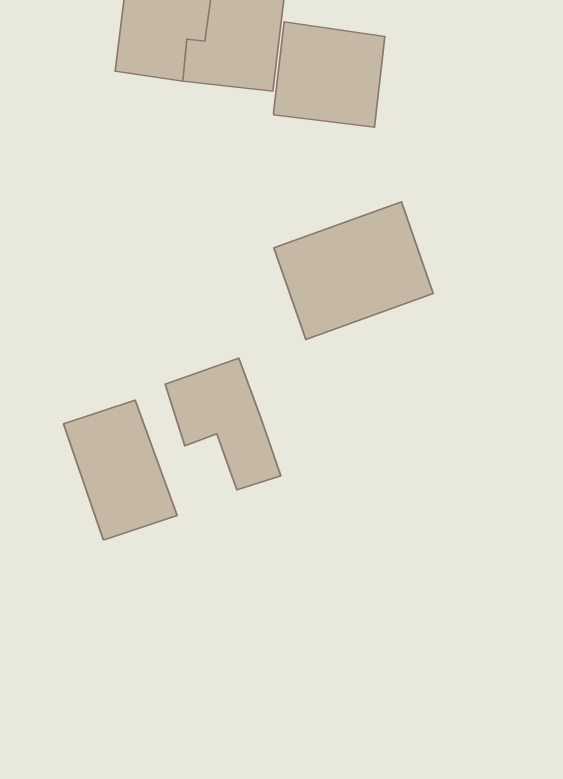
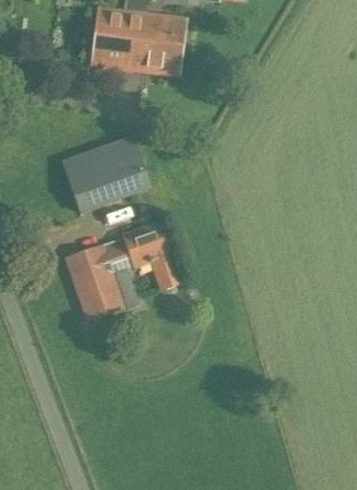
building: [274,22,385,127] -> none
building: [274,202,433,339] -> [61,136,148,212]

